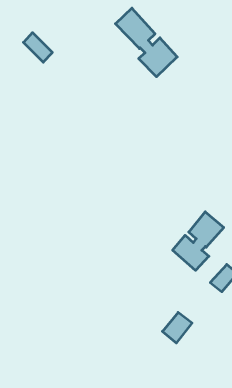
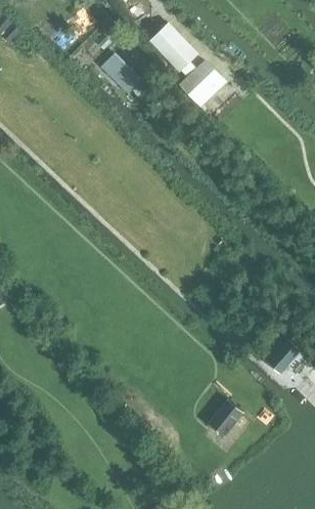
building: [23,33,52,62] -> [103,56,139,93]
building: [173,212,224,270] -> none

